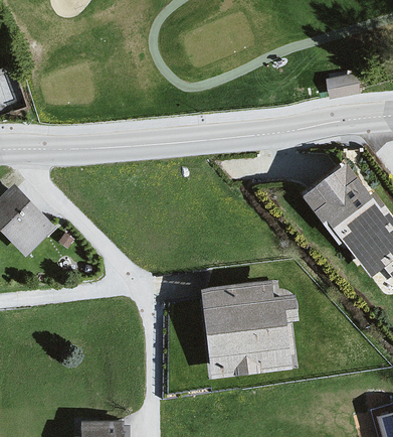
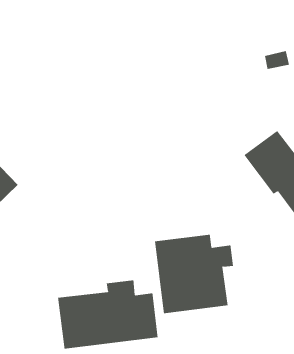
building: none -> [58,279,158,350]

